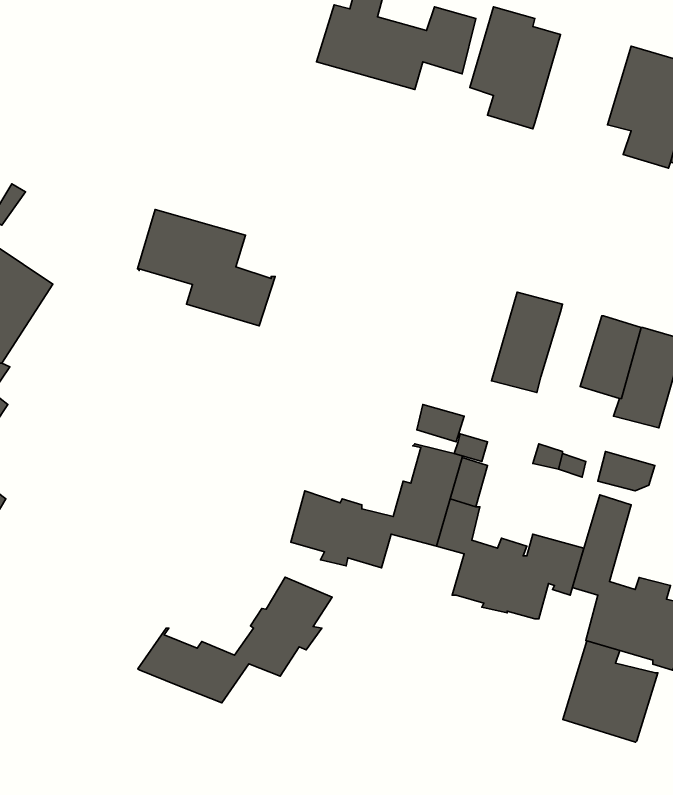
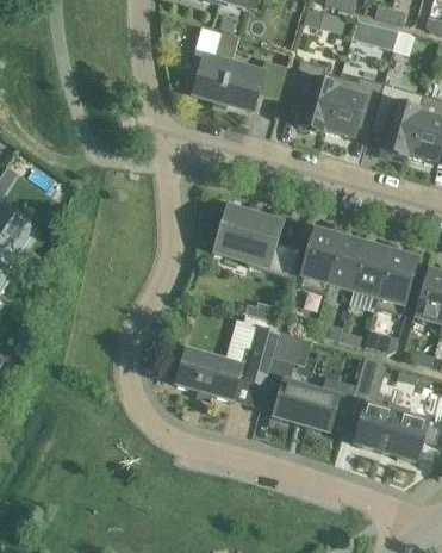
building: none -> [325,75,384,137]
building: [137,210,275,326] -> [217,206,300,277]
building: none -> [329,238,366,288]
building: [138,577,332,703] -> none
building: [563,641,658,742] -> none

